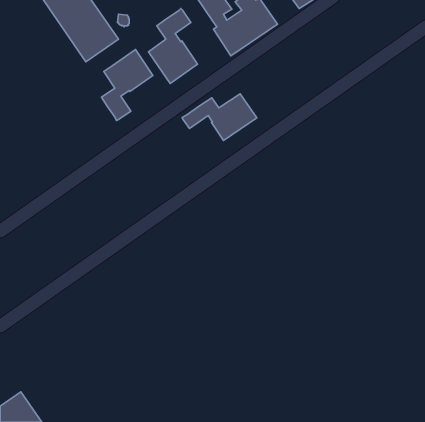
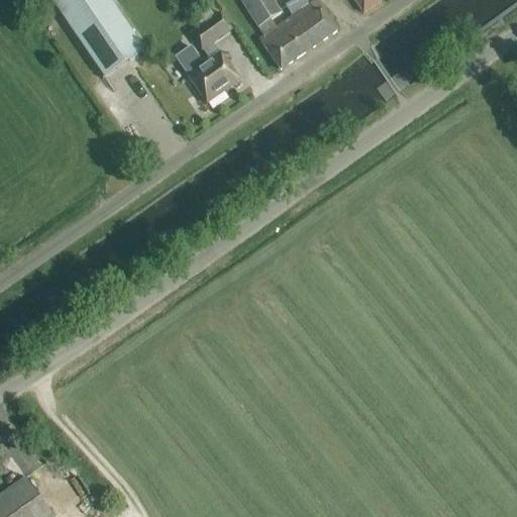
building: [101,50,153,121] -> none
building: [182,94,257,140] -> none

